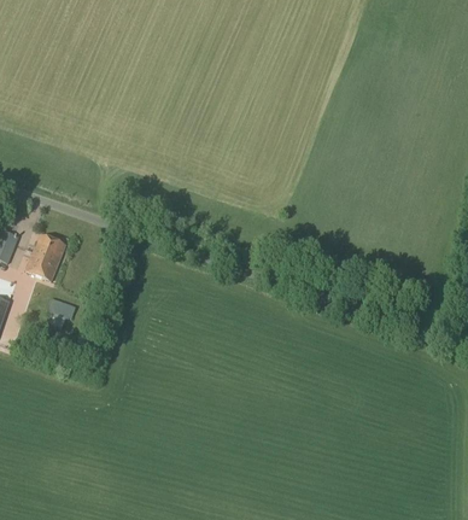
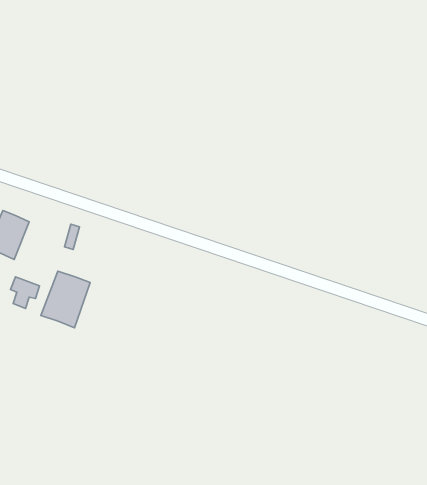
building: none -> [41,271,90,328]

